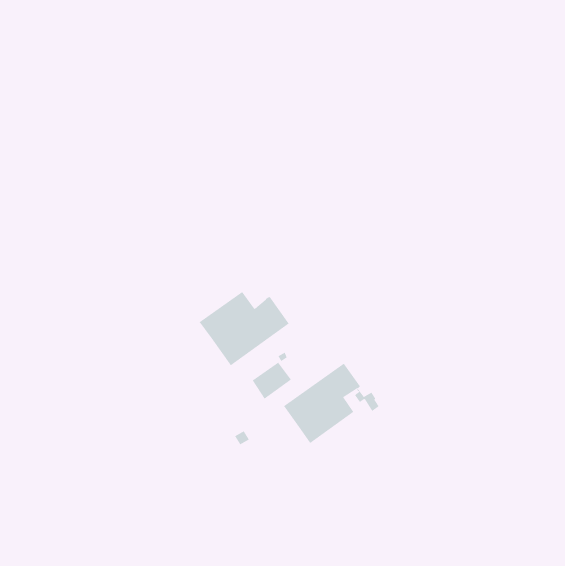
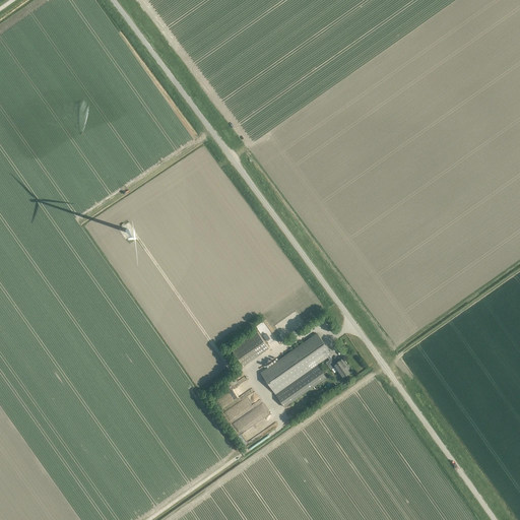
building: [199,291,290,366] -> none

